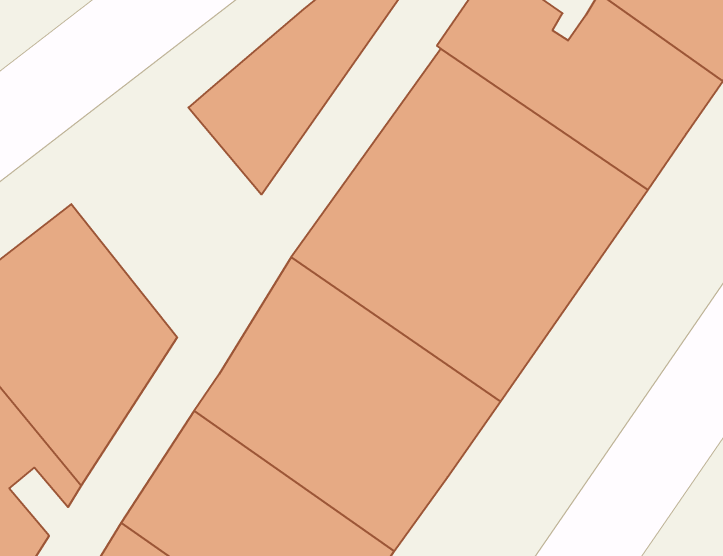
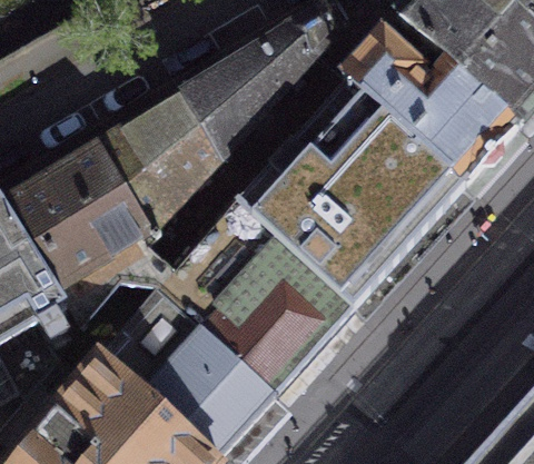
building: none -> [88,101,209,246]

